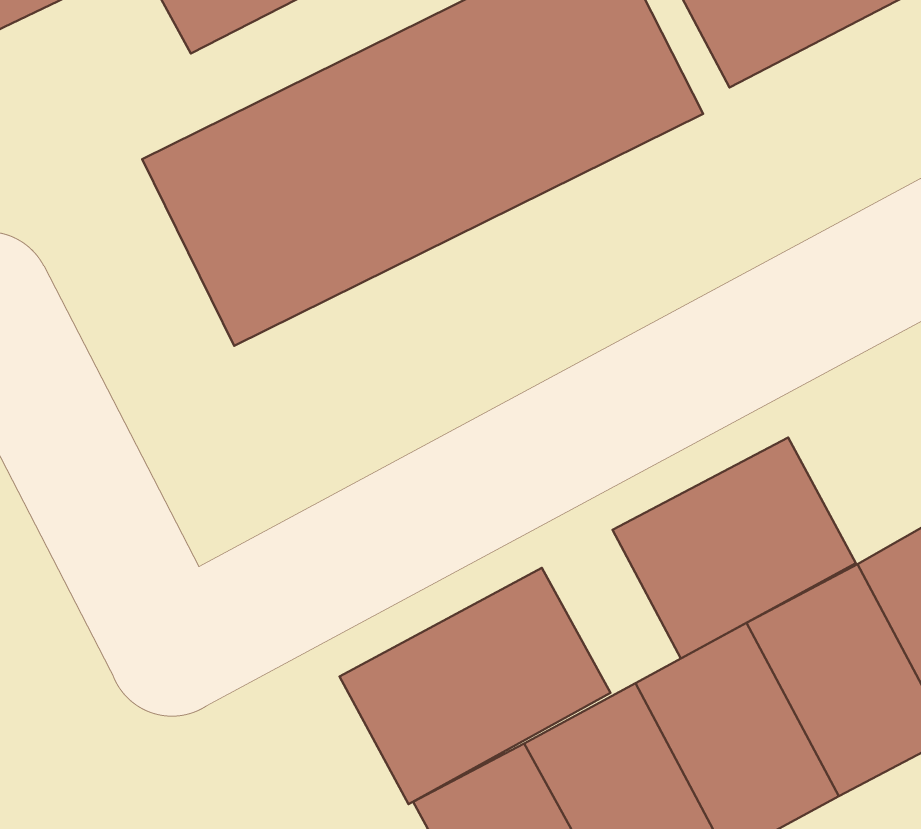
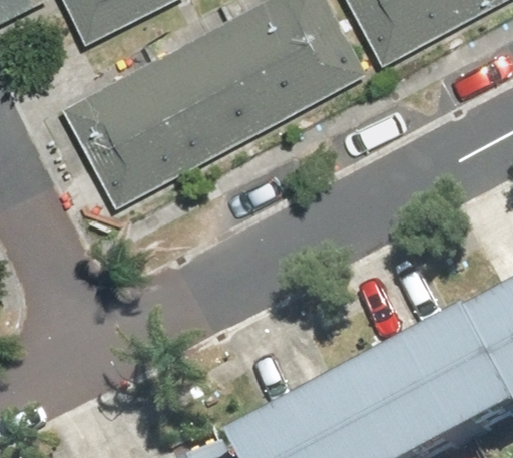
building: [612,438,856,658] -> none
building: [339,568,611,804] -> none

